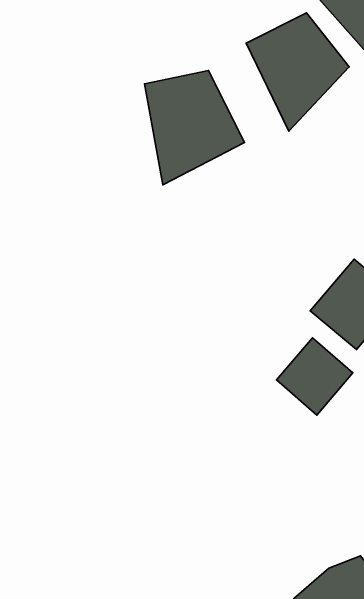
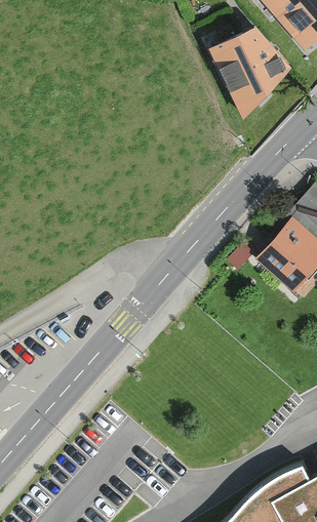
building: [144,71,244,185] -> none
building: [276,338,353,415] -> none

